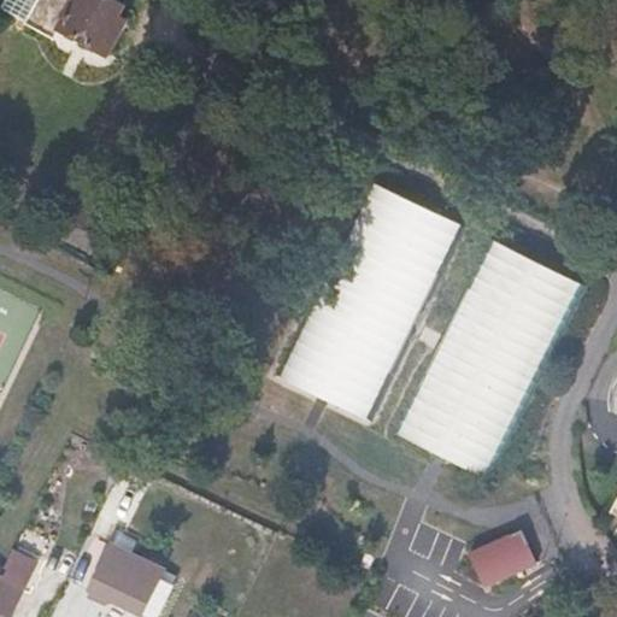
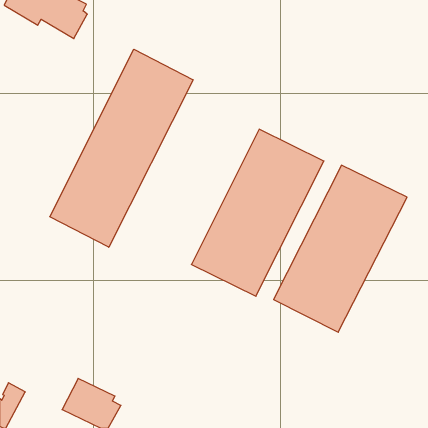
building: none -> [50,49,193,247]
building: [466,528,531,581] -> none

